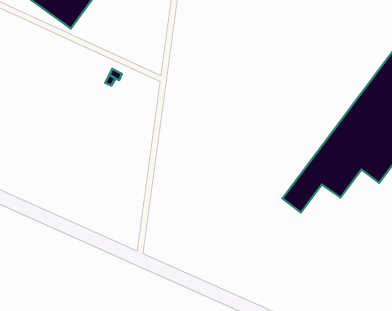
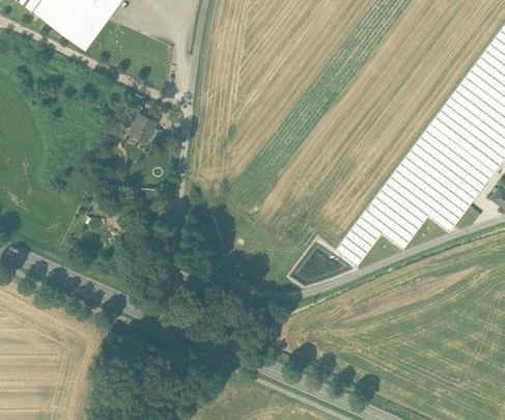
building: none -> [130,113,158,142]

